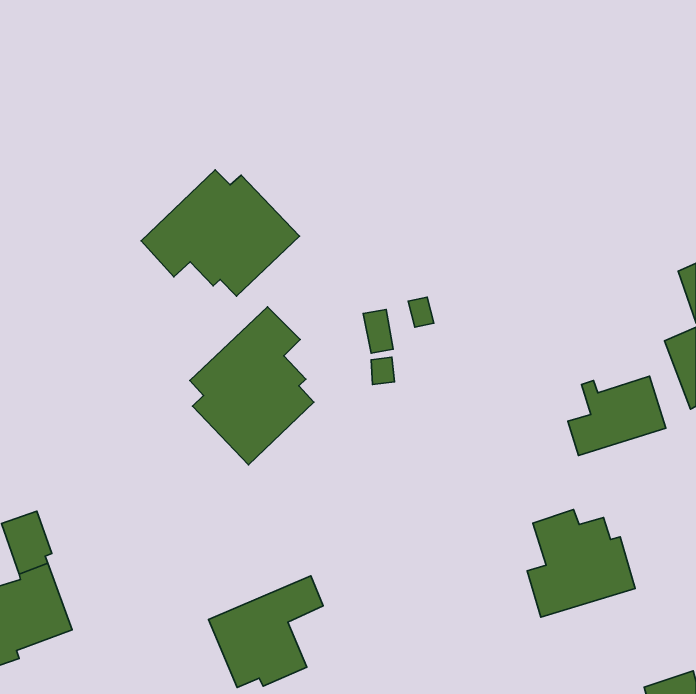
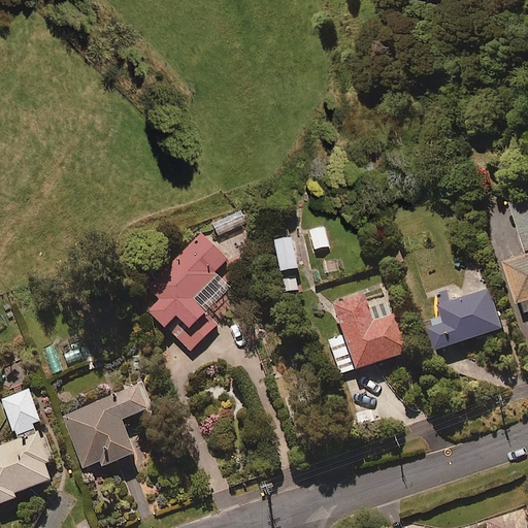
building: [141,170,300,296] -> none
building: [527,509,635,617] -> [328,292,409,373]
building: [209,576,323,688] -> [61,384,147,468]

